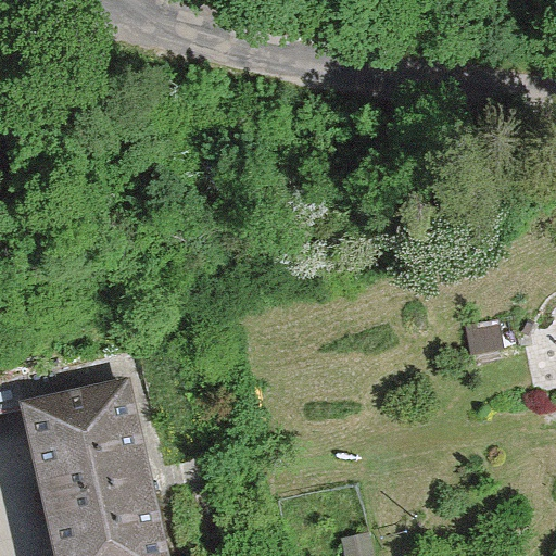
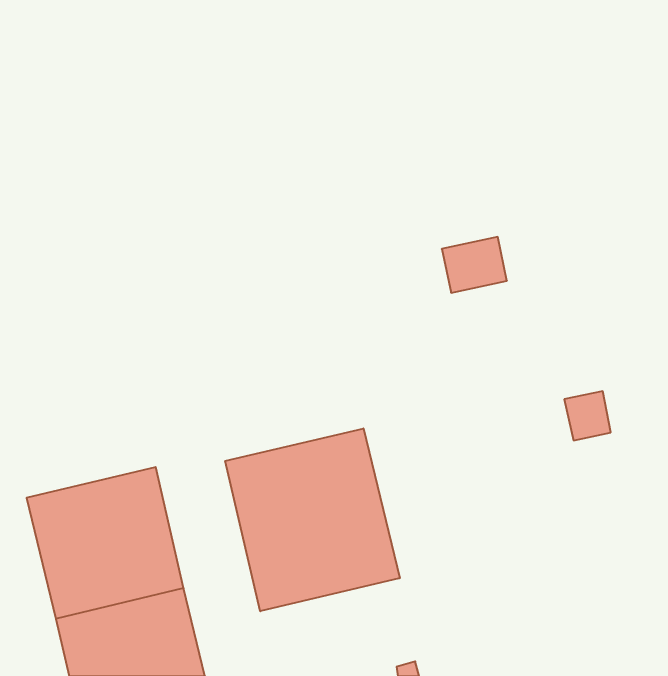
building: none -> [225,428,400,611]

